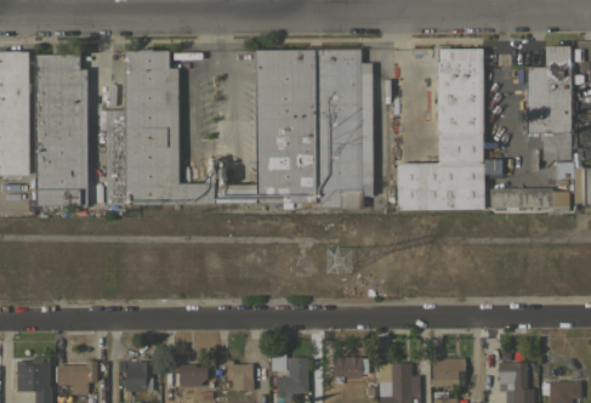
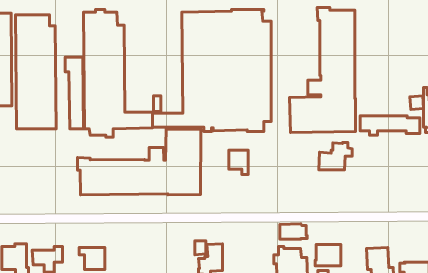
building: [525,46,572,159] -> none
building: none -> [77,129,201,195]
building: none -> [319,143,352,170]
building: none -> [229,150,248,174]
building: [334,356,370,376] -> [280,224,307,239]
building: [227,361,254,390] -> none
building: [175,364,208,386] -> none

